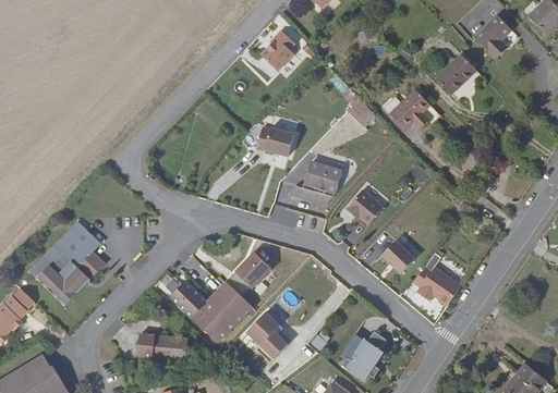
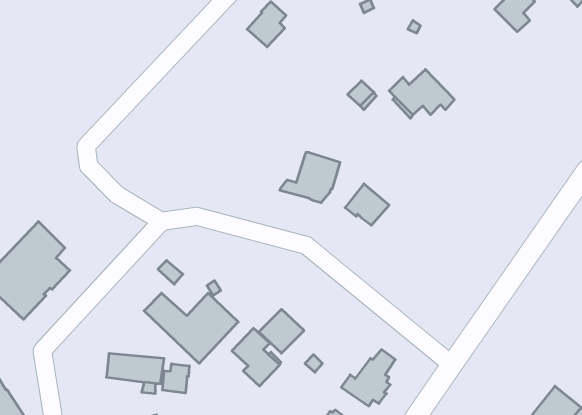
building: [435,53,474,93] -> none
building: [256,126,293,155] -> none
building: [380,238,414,272] -> none
building: [234,253,274,291] -> [259,309,304,353]
building: [412,266,460,302] -> none
building: none -> [162,364,189,393]

